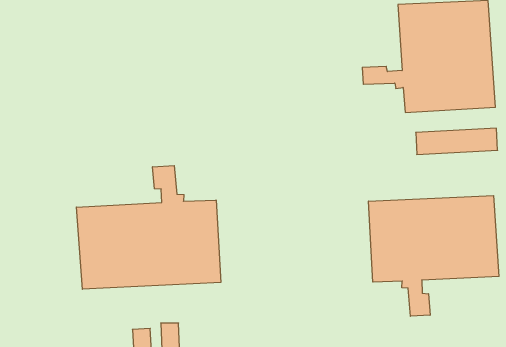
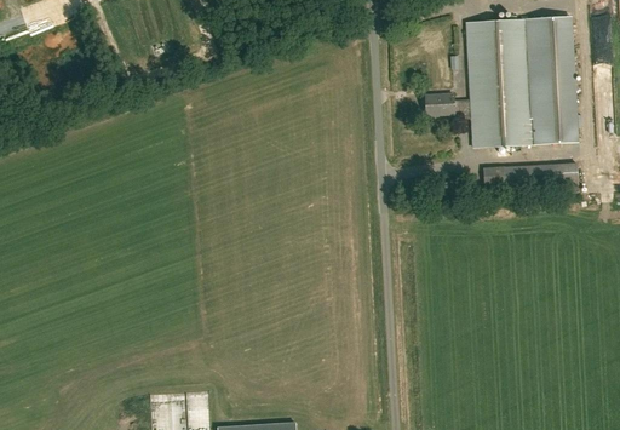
building: [76,166,221,289] -> none
building: [369,196,499,316] -> none

